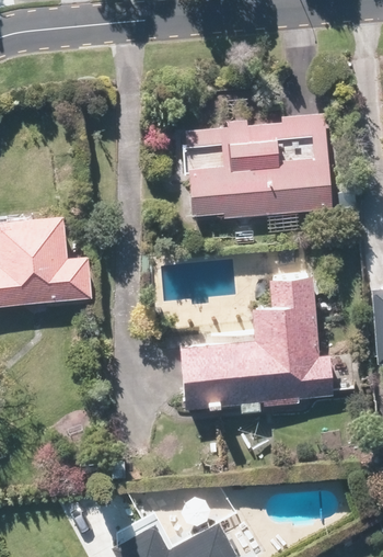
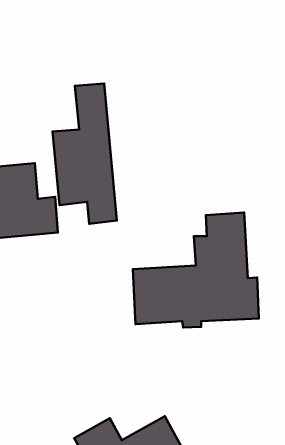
building: [184,116,330,219] -> none
building: none -> [53,83,117,224]

